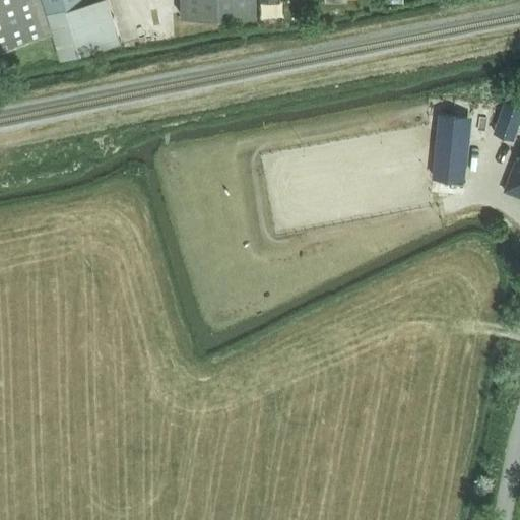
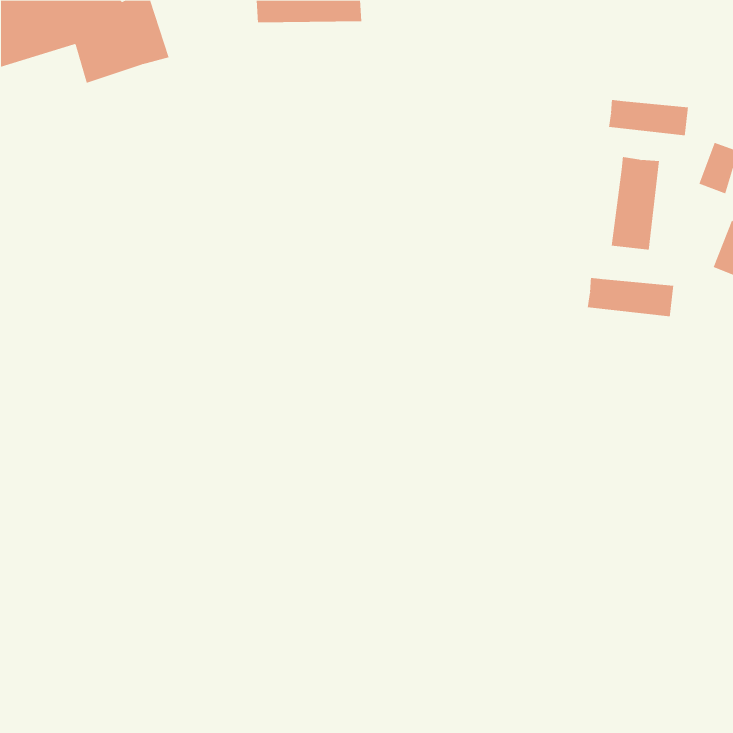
building: none -> [608,99,689,136]
building: none -> [587,277,674,317]

